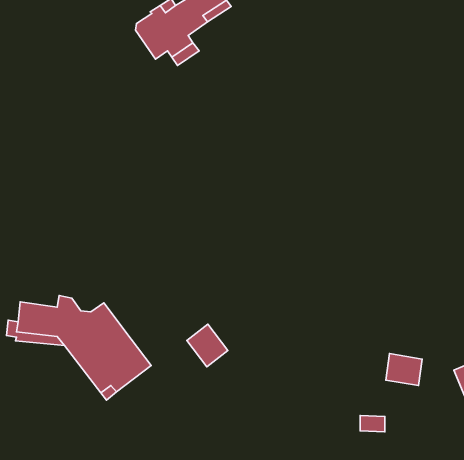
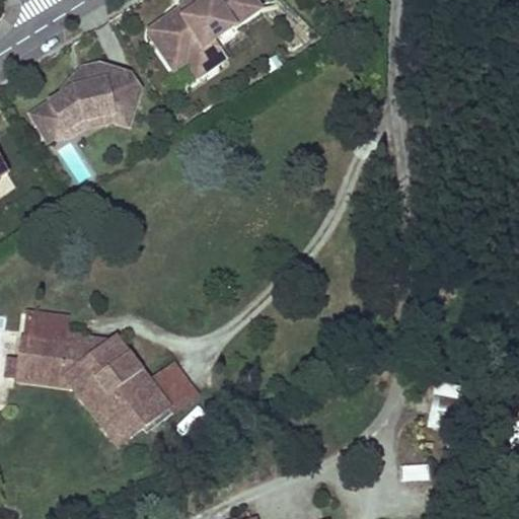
building: none -> [32,66,139,139]
building: none -> [23,309,69,343]
building: [187,324,228,367] -> [147,360,193,407]

